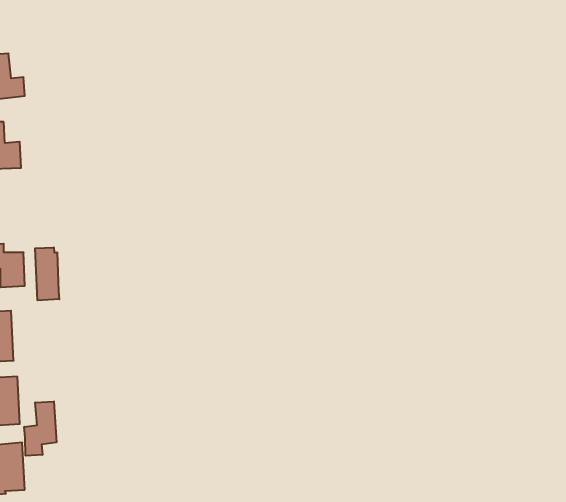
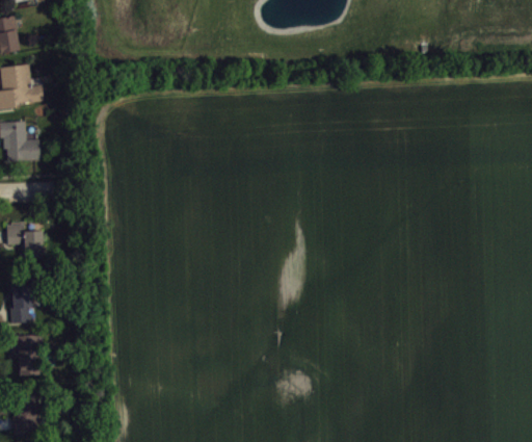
building: [35,247,59,300] -> none
building: [24,401,56,456] -> none

